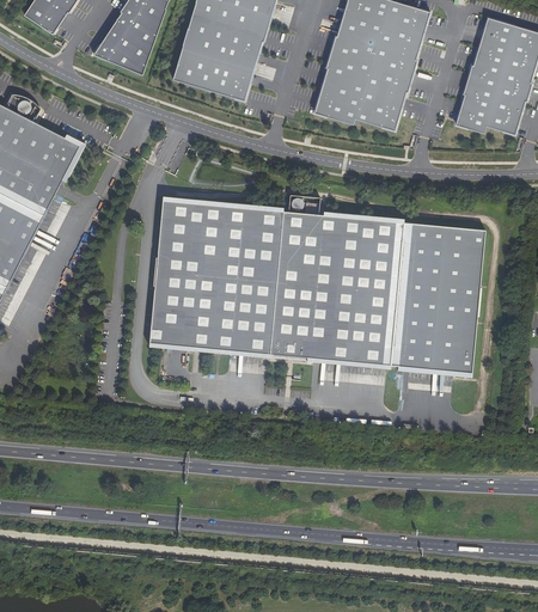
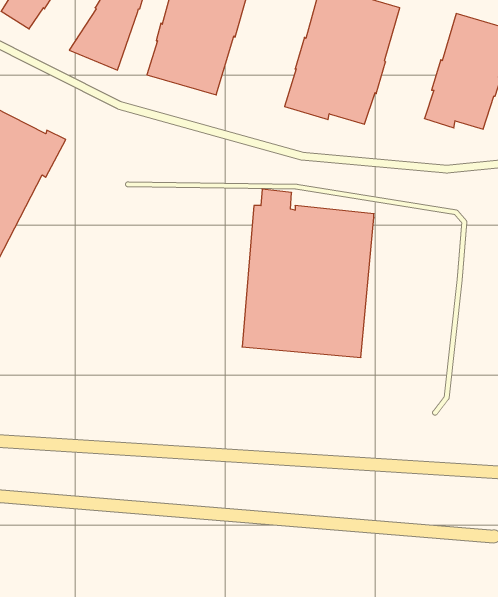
building: [148,197,282,359] -> none
building: [390,224,484,377] -> none

